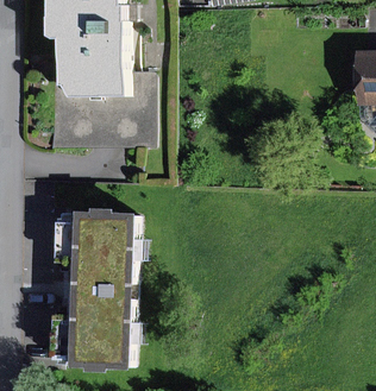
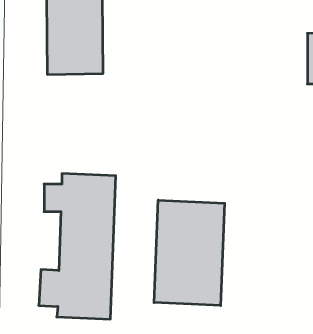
building: none -> [154,200,225,306]

